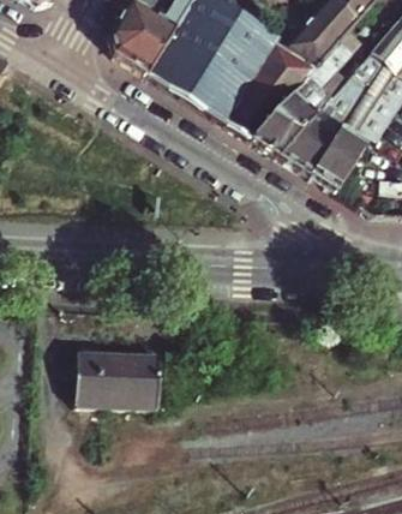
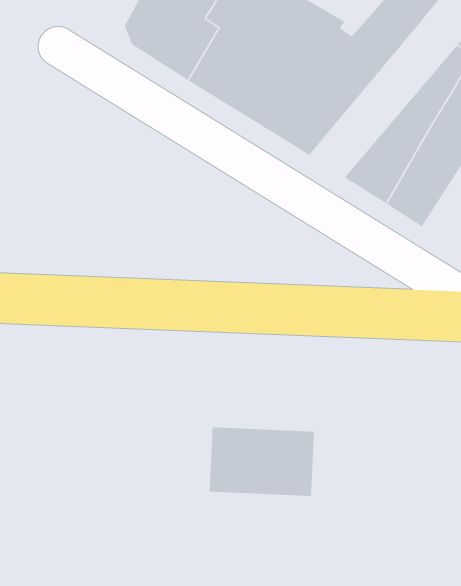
building: [252,34,350,153] -> none
building: [77,349,158,404] -> [209,427,315,497]

